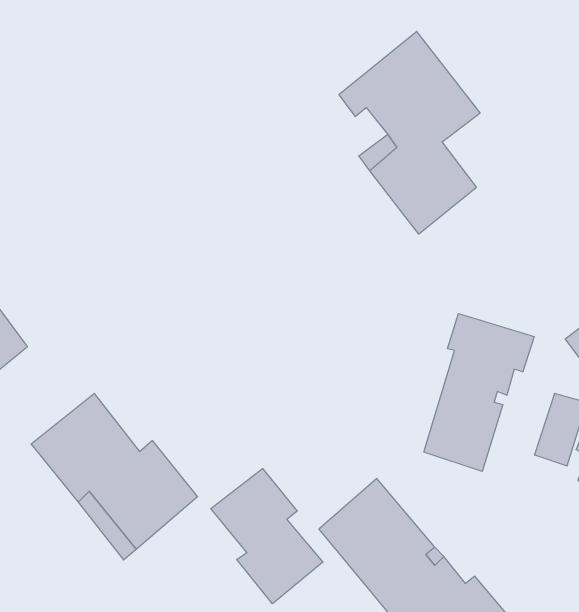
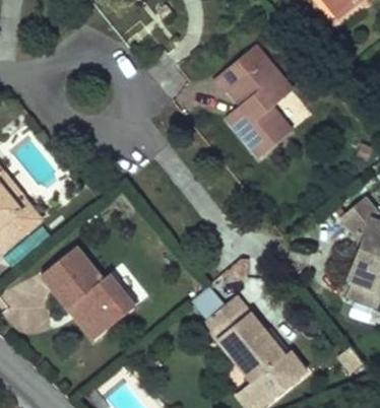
building: [424,314,534,471] -> none
building: [211,469,323,604] -> none

